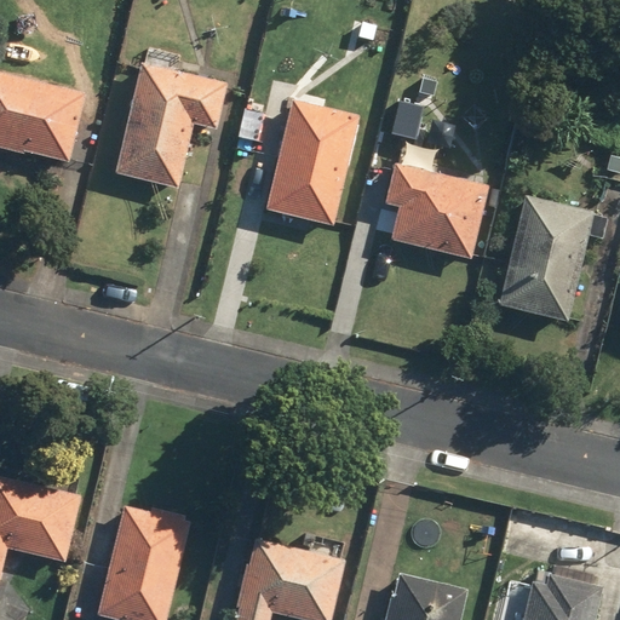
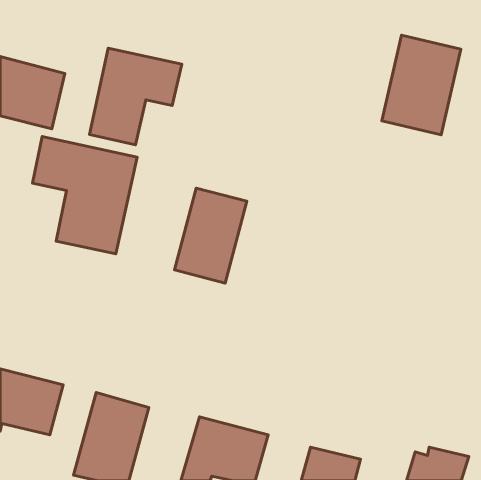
building: [265,104,358,226] -> [174,188,247,283]
building: [377,159,487,254] -> none
building: none -> [33,137,137,254]
building: [495,189,597,317] -> [382,35,461,135]

